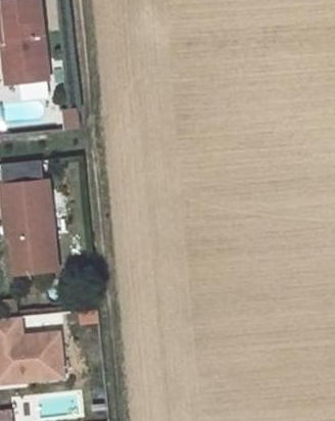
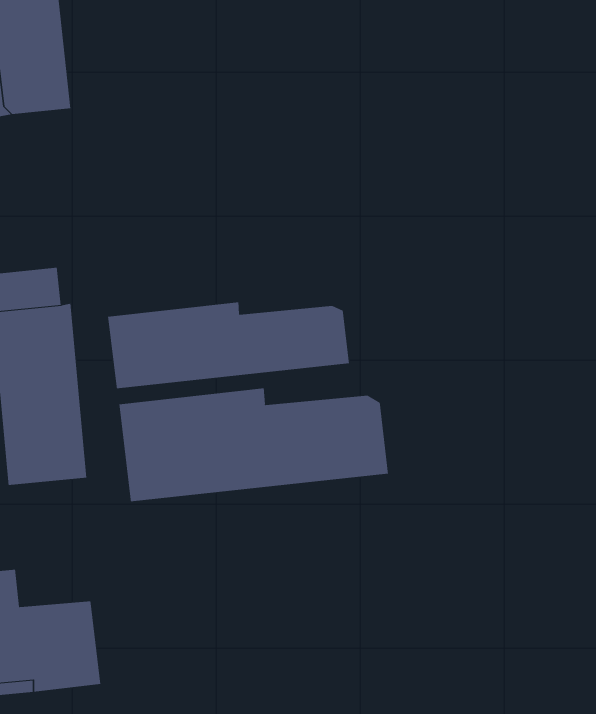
building: none -> [107,301,349,389]
building: none -> [119,388,389,502]

